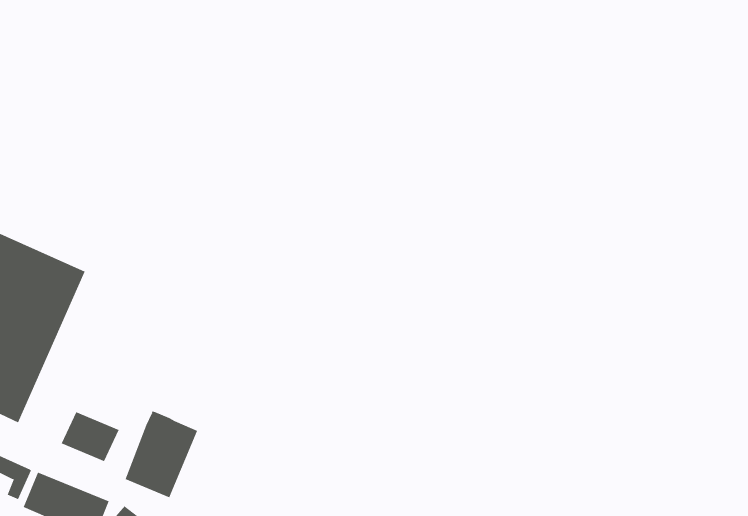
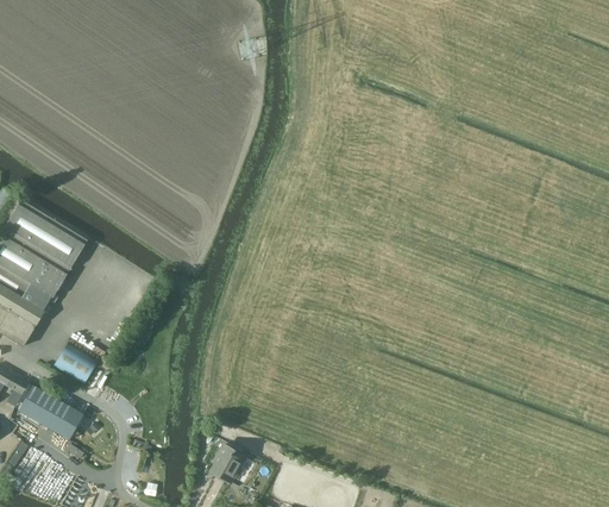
building: [125,411,198,498] -> none

